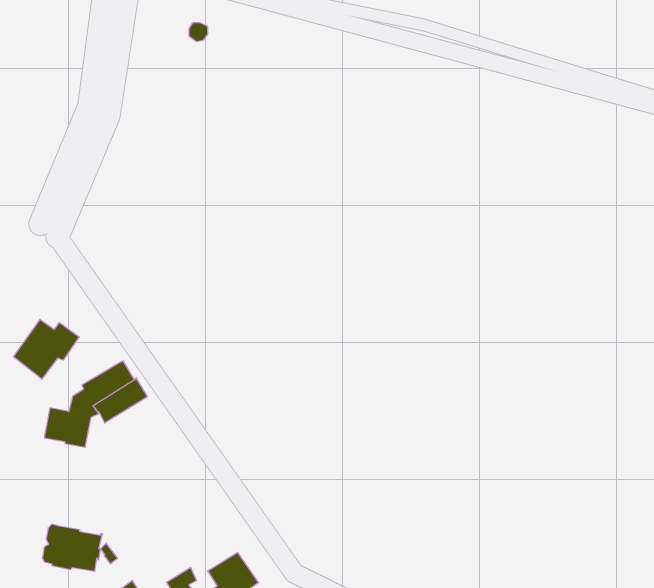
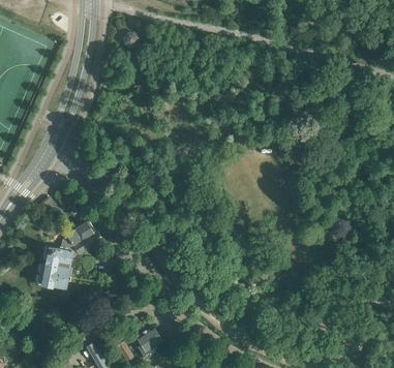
building: [13,319,79,379] -> none
building: [42,524,103,571] -> [37,263,70,288]

